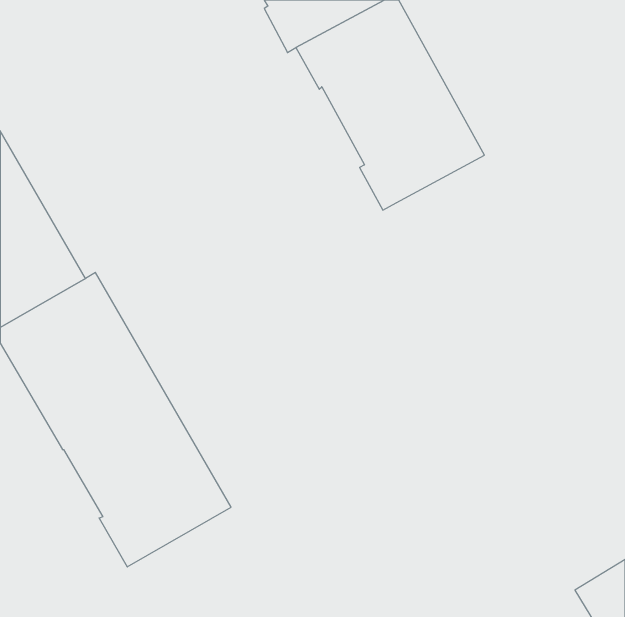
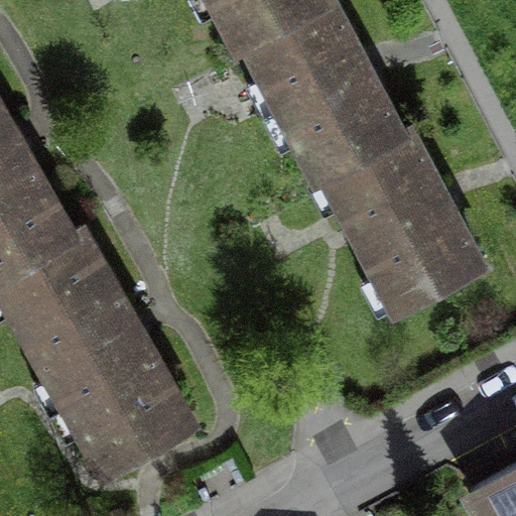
building: none -> [327,131,478,309]

